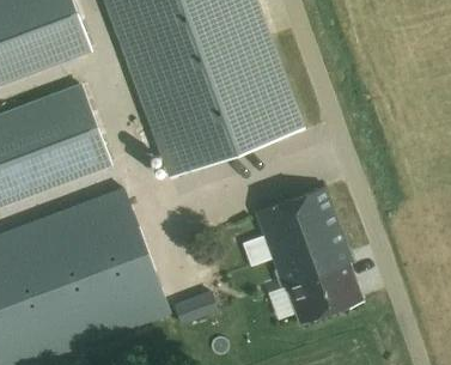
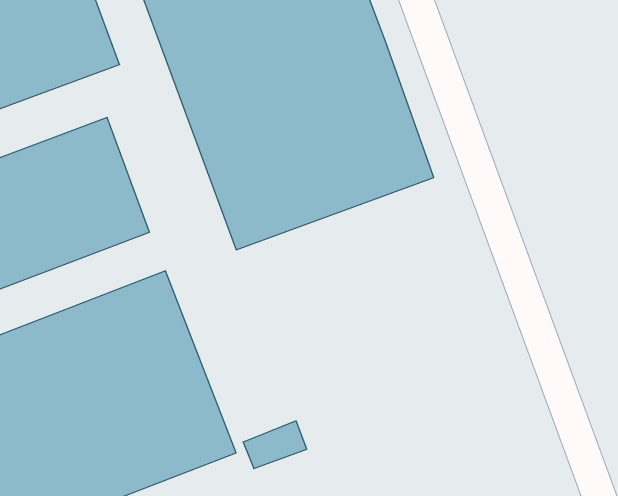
building: [256,188,361,324] -> none

